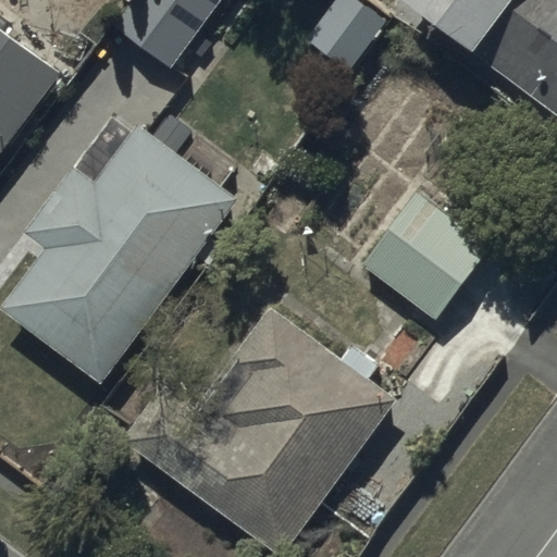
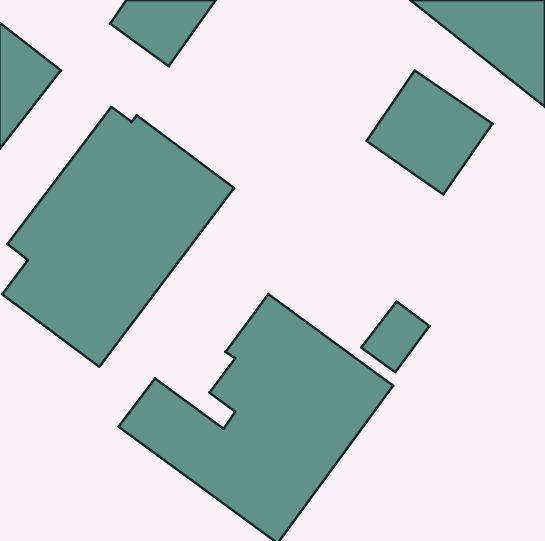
building: [358,190,486,317] -> [367,70,493,194]

